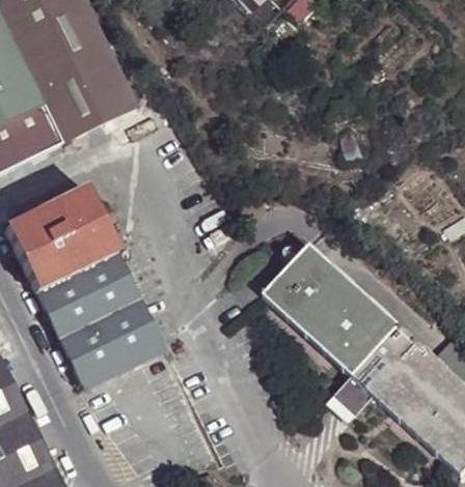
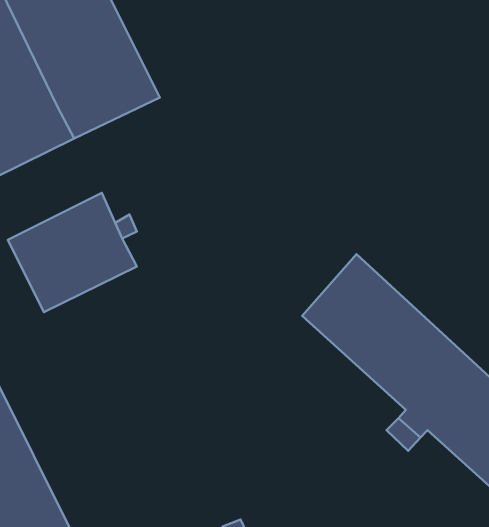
building: [38,252,164,386] -> none

